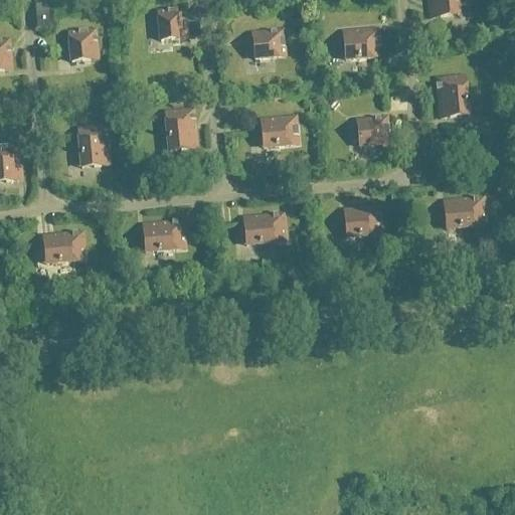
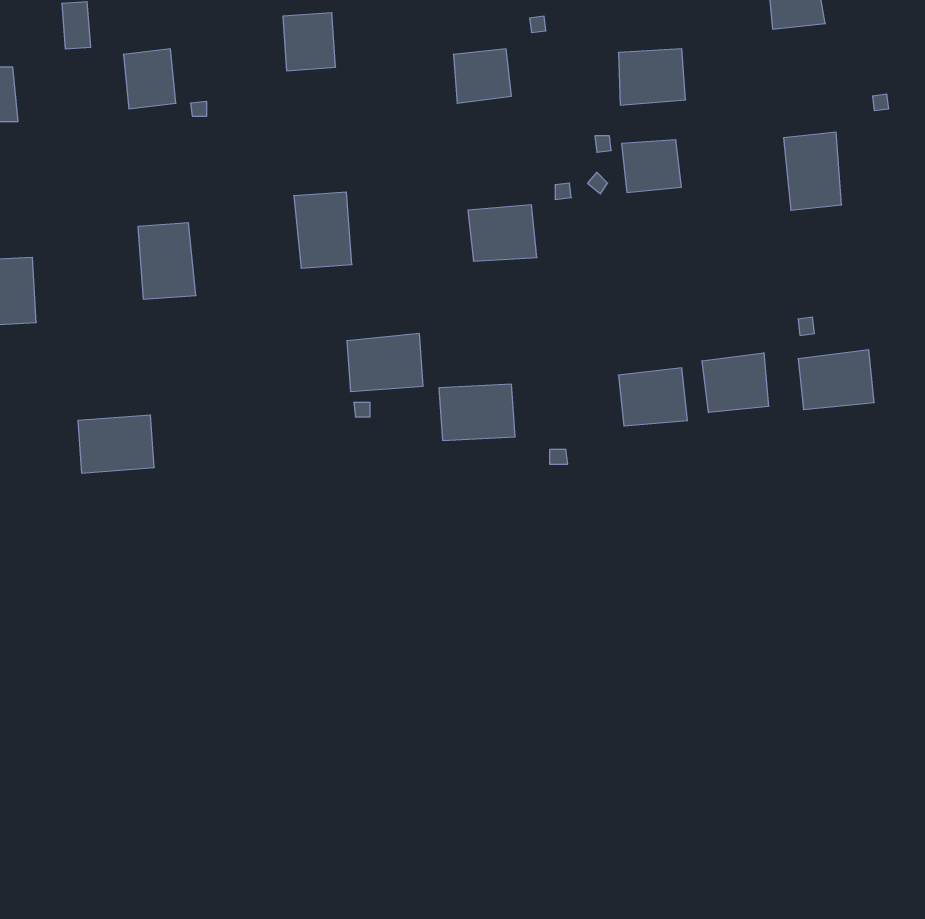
building: [356,116,389,145] -> [622,140,681,192]
building: none -> [702,353,769,413]
building: [142,219,184,251] -> [347,334,423,392]

